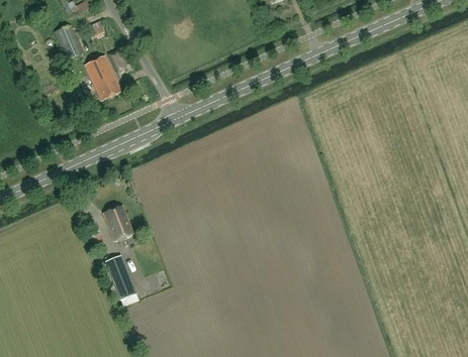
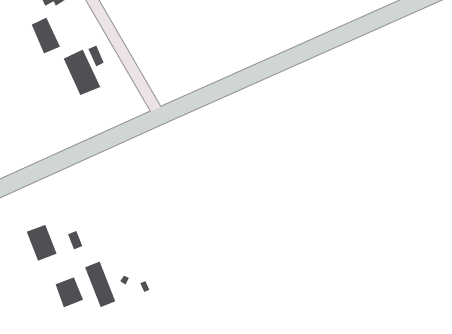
building: [103,205,133,240] -> [26,224,58,261]
building: none -> [55,276,84,308]

